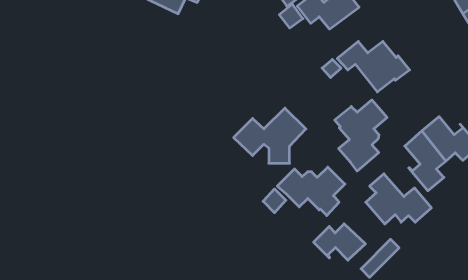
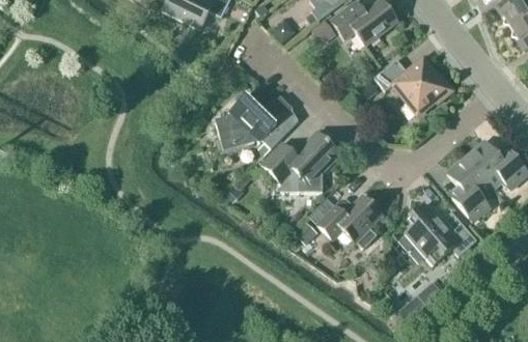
building: none -> [216,93,299,149]
building: [335,100,387,171] -> none
building: [314,224,365,260] -> none

